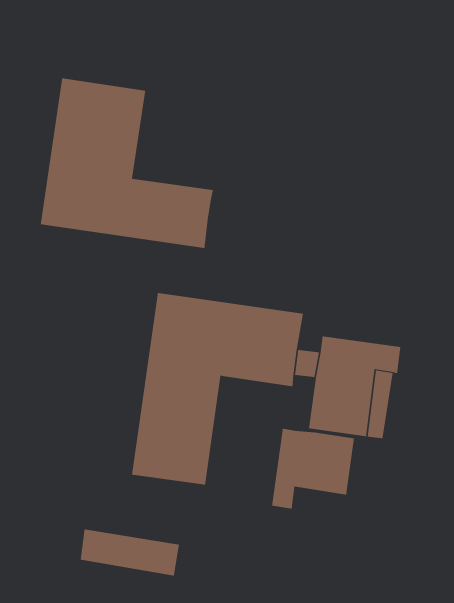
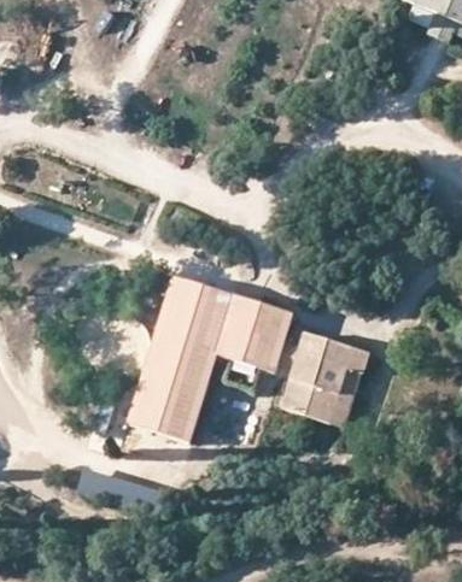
building: [40,78,214,249] -> none
building: [271,428,355,510] -> none

